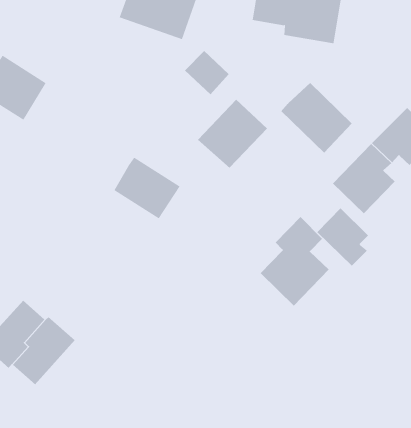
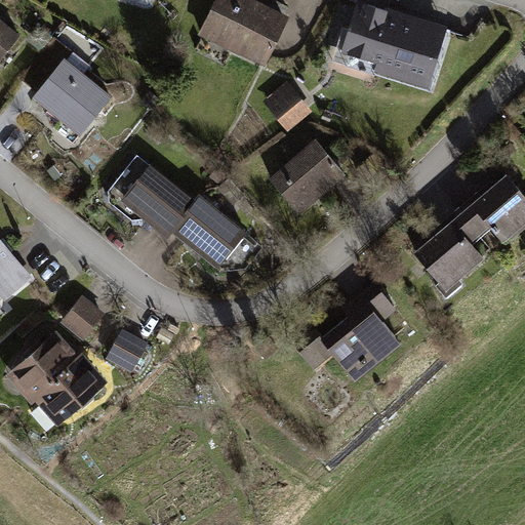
building: [281,82,353,153] -> none
building: none -> [115,160,189,233]
building: [317,208,369,267] -> none
building: none -> [60,296,105,341]
building: none -> [106,328,149,373]

